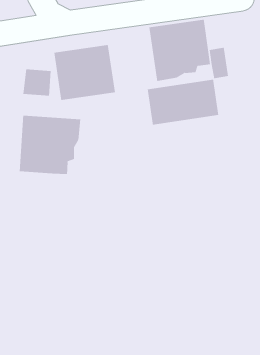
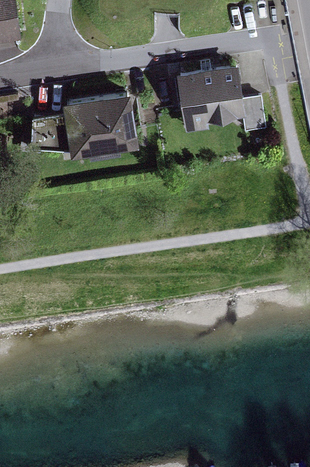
building: [147,79,219,126] -> none
building: [19,115,81,175] -> none

